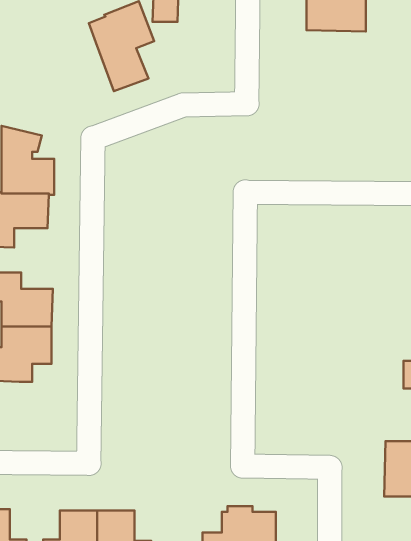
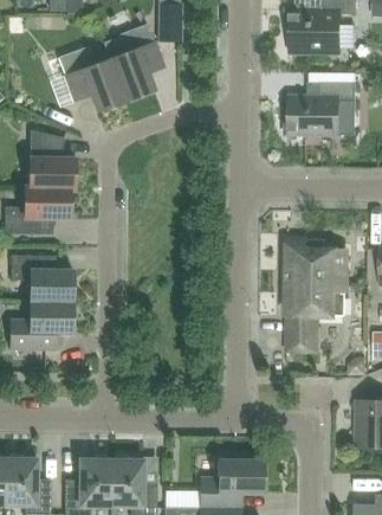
building: none -> [58,46,125,111]
building: none -> [289,82,356,135]
building: none -> [286,238,347,352]

